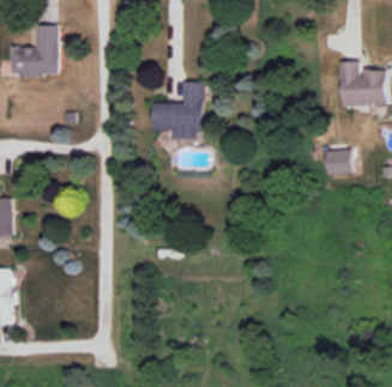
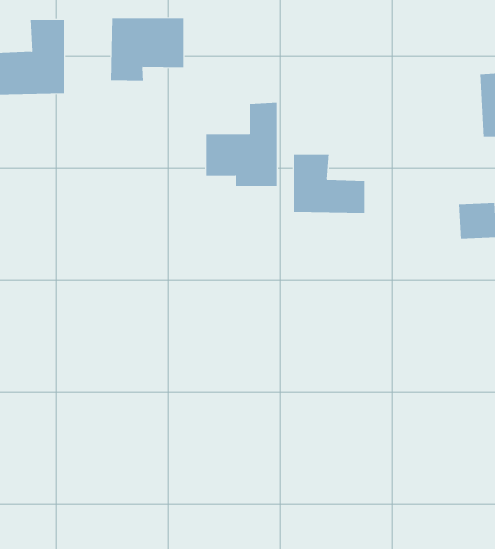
building: none -> [110,17,184,82]
building: none -> [293,154,365,214]

